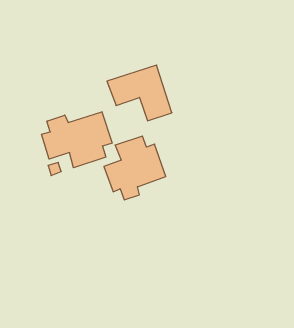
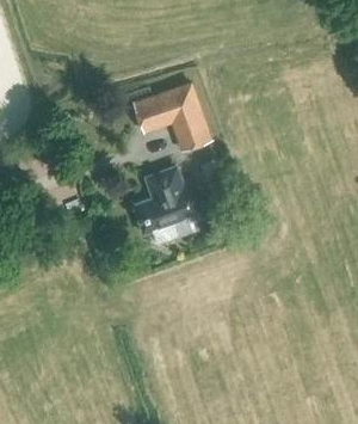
building: [41,112,112,168] -> none

